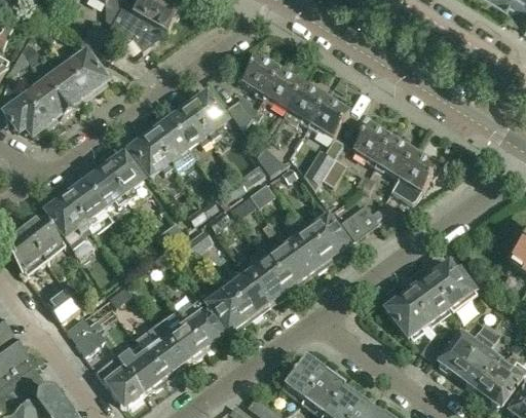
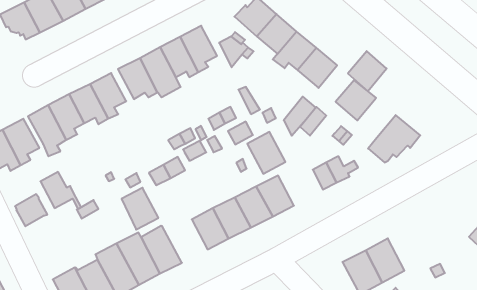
building: [378,137,416,177] -> [348,51,387,91]
building: [307,215,348,258] -> [247,132,285,174]
building: [427,261,475,306] -> none
building: [208,288,248,331] -> [122,188,158,230]
building: [67,315,112,352] -> [40,172,81,209]

